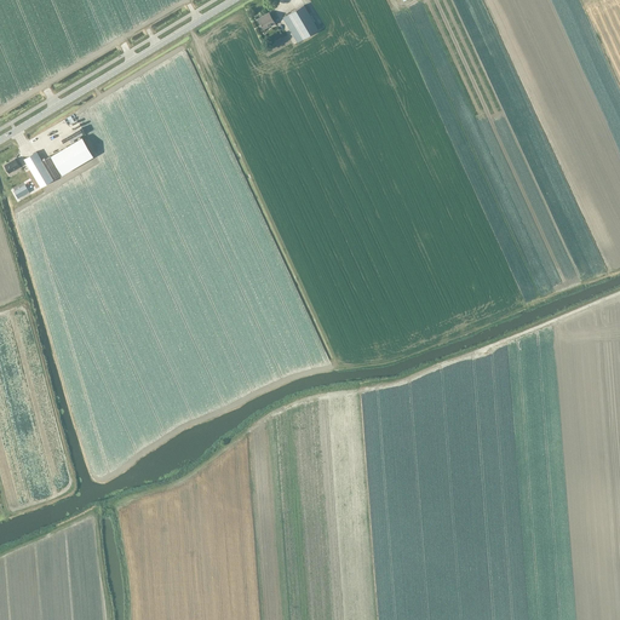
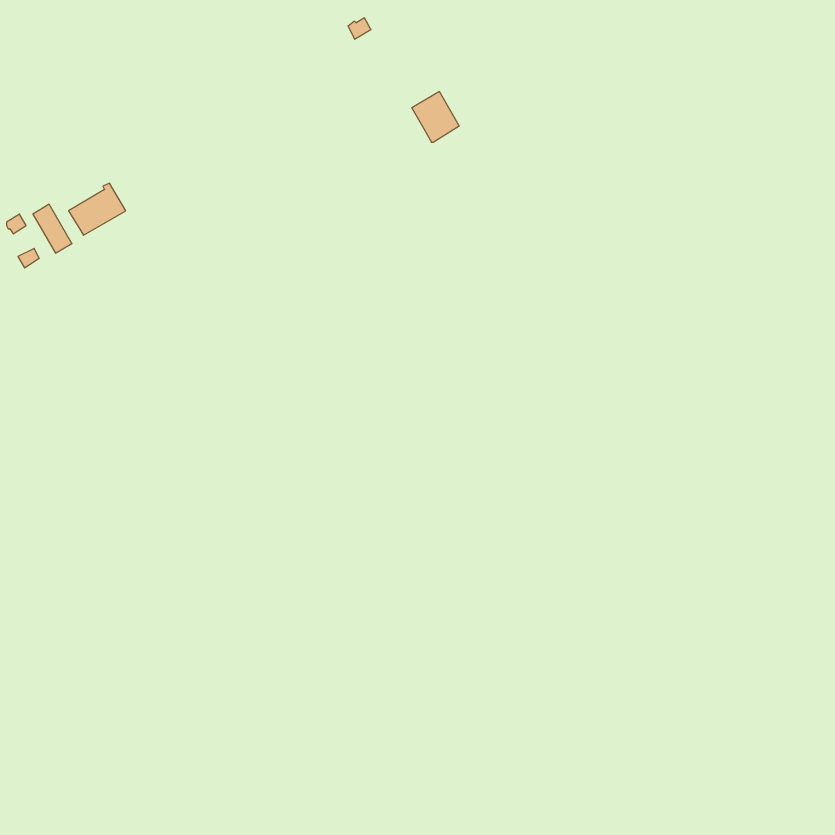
building: [283,5,318,42] -> [412,92,459,142]

